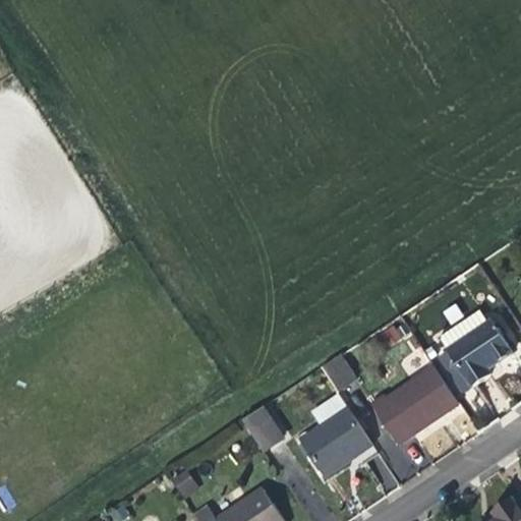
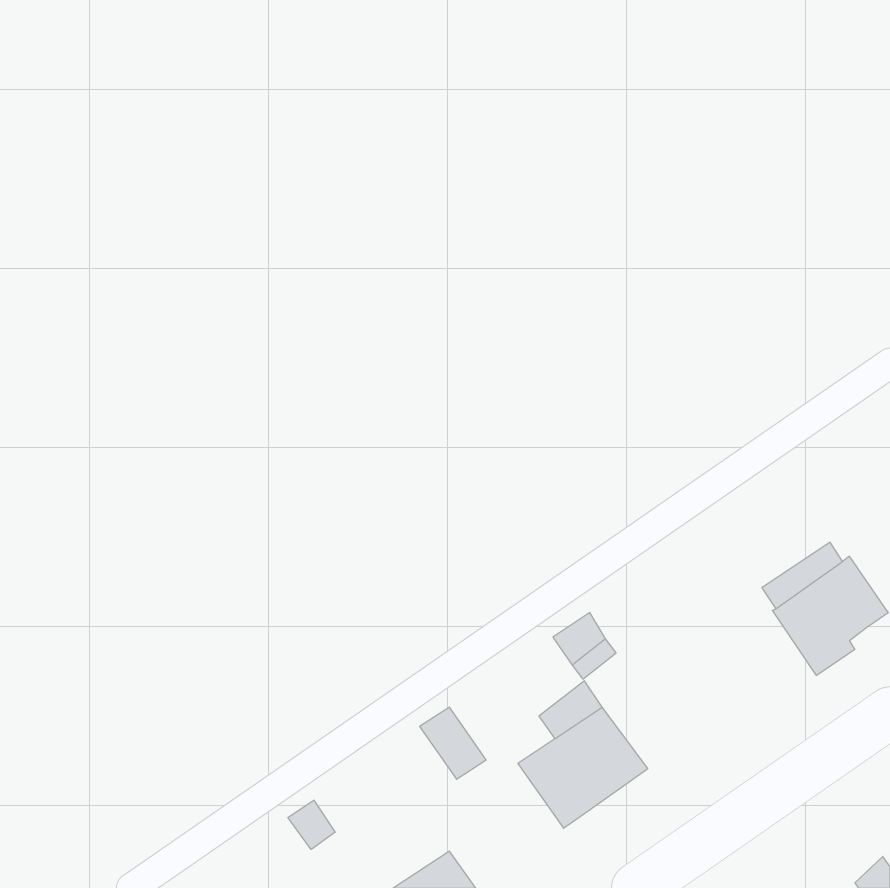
building: [374,364,456,438] -> none

